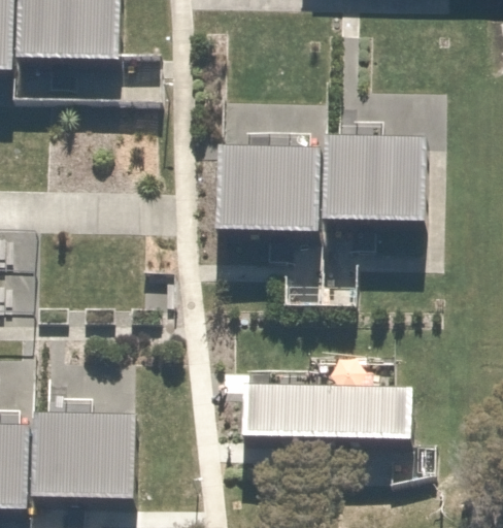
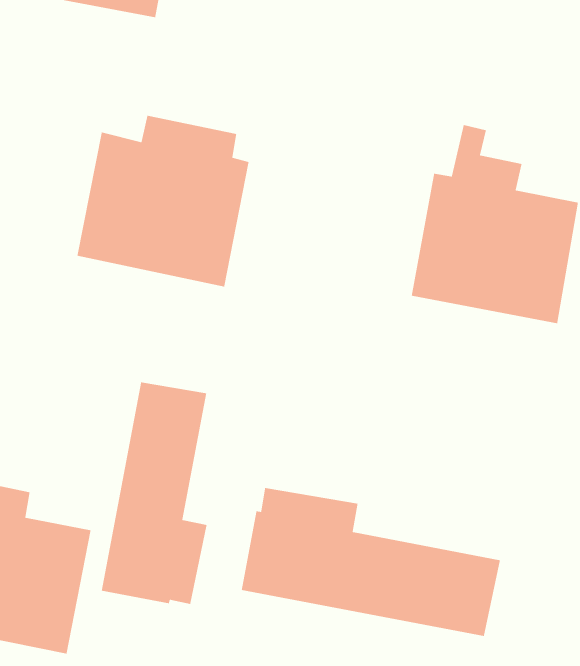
building: [215,126,321,233] -> [77,115,249,288]
building: none -> [101,381,207,605]

